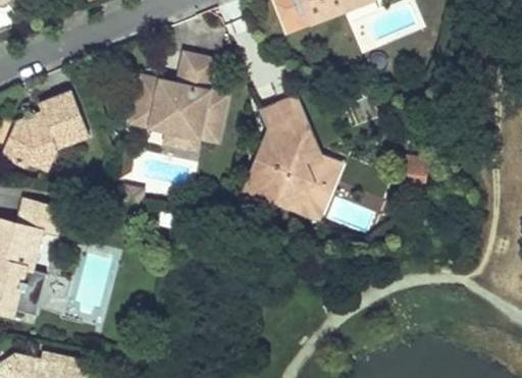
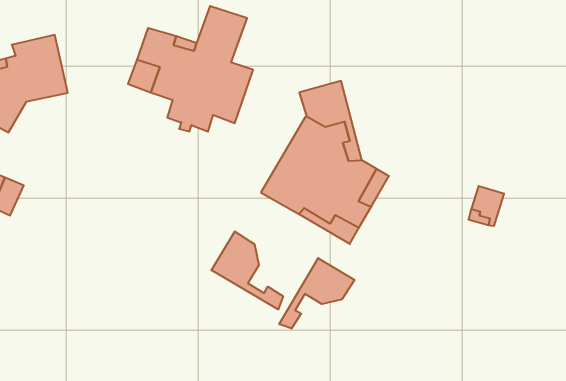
building: none -> [211,231,283,309]
building: none -> [279,258,354,329]

